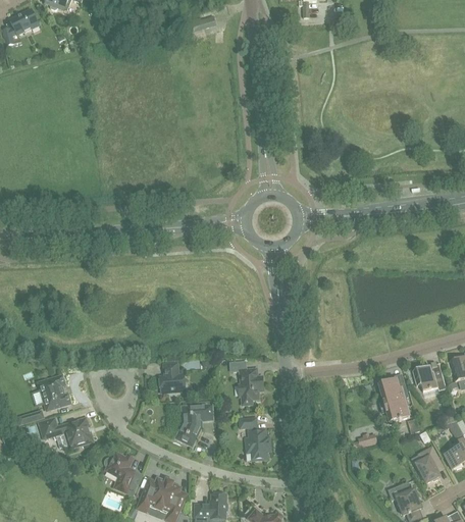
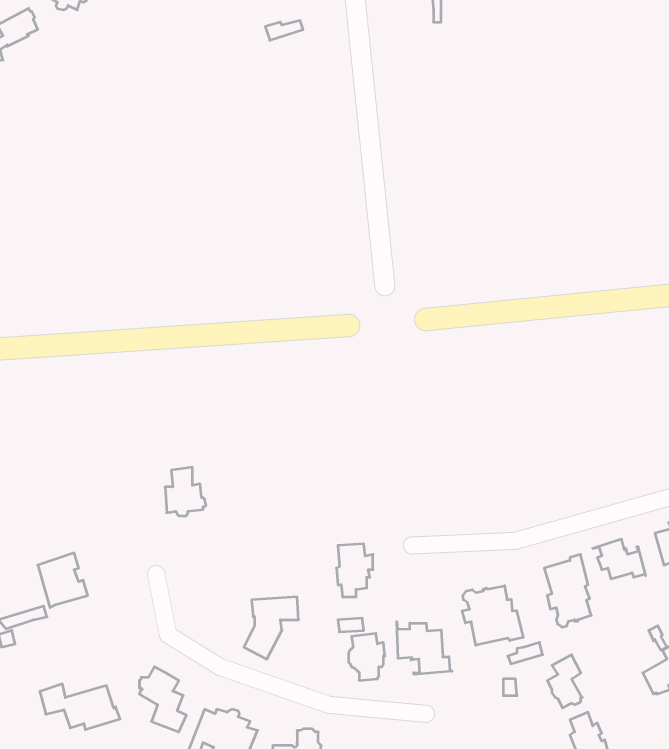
building: [160,361,188,394] -> [165,467,206,516]
building: none -> [462,586,523,645]
building: [40,416,94,447] -> [40,684,120,730]
building: none -> [397,622,452,674]
building: [416,446,440,481] -> [547,655,582,708]

